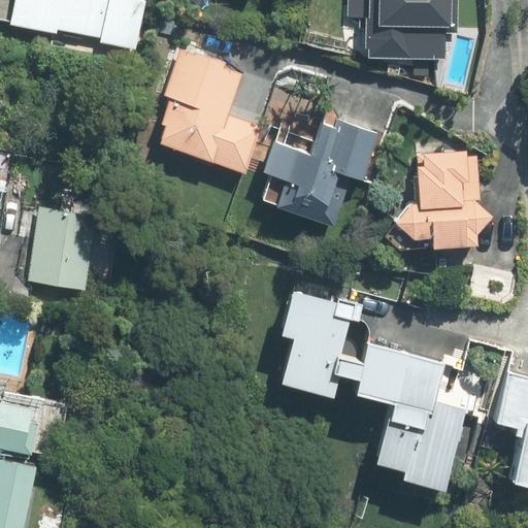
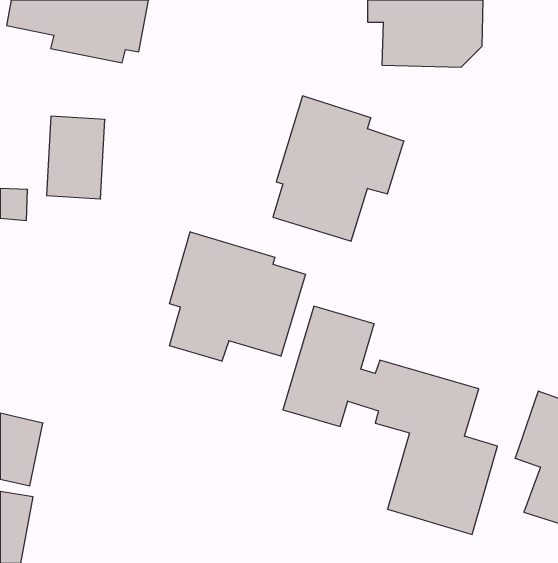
building: [147,44,261,172] -> none
building: [394,153,487,255] -> none
building: [34,207,89,285] -> [47,116,105,199]
building: none -> [170,232,305,361]

